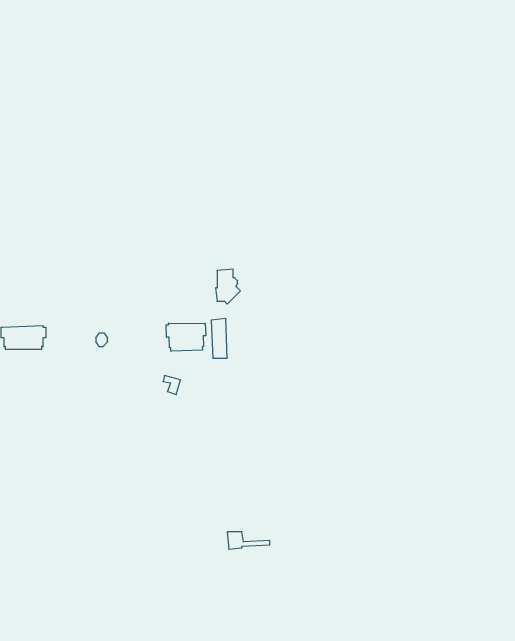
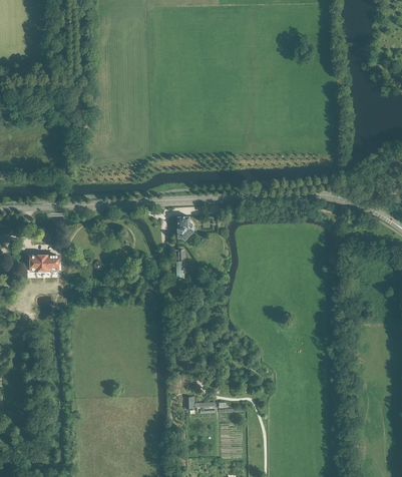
building: [166,323,206,351] -> none

